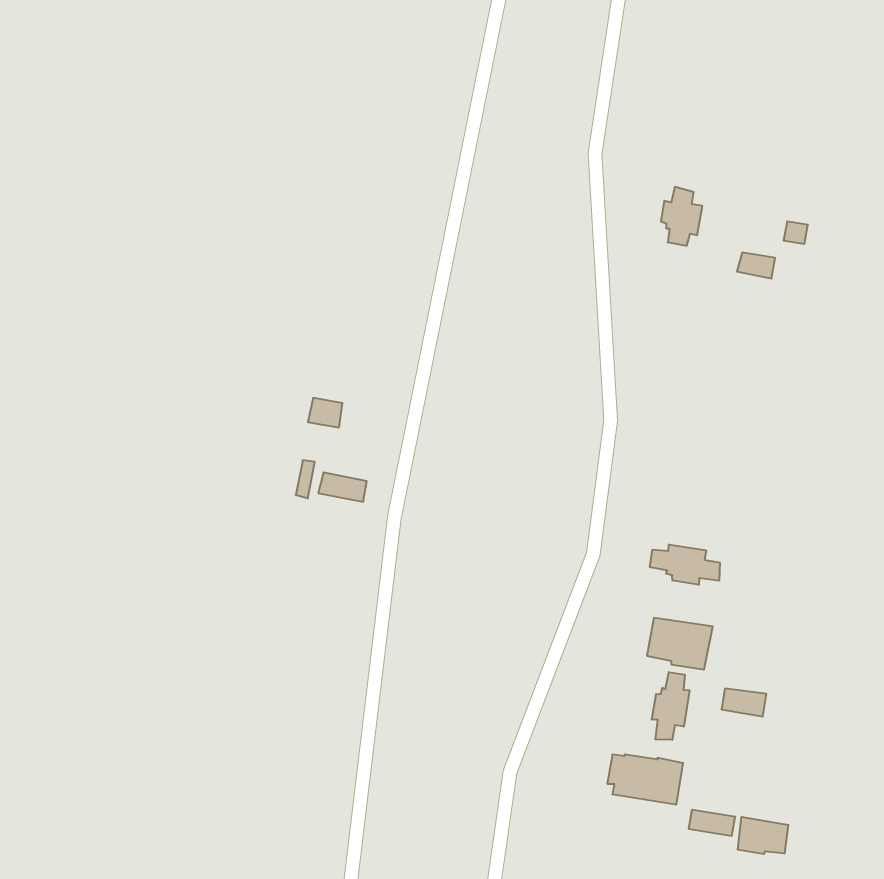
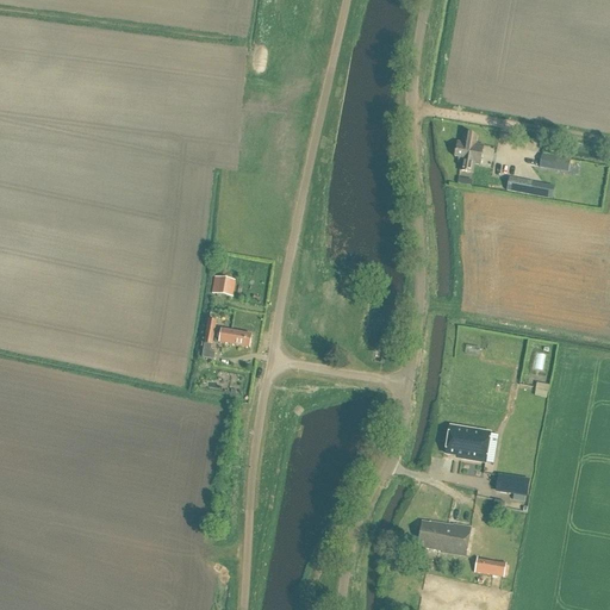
building: [650,544,720,585] -> none
building: [652,672,690,740] -> none
building: [738,817,788,854] -> none

